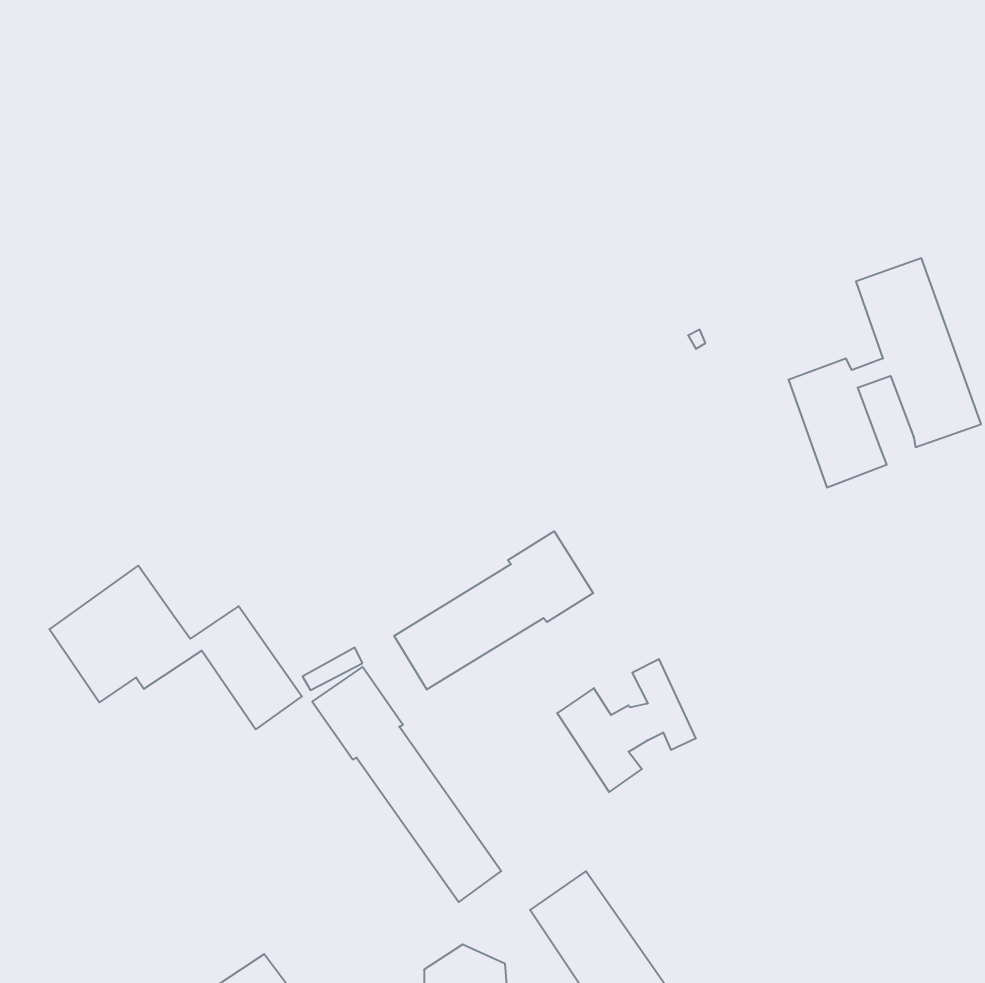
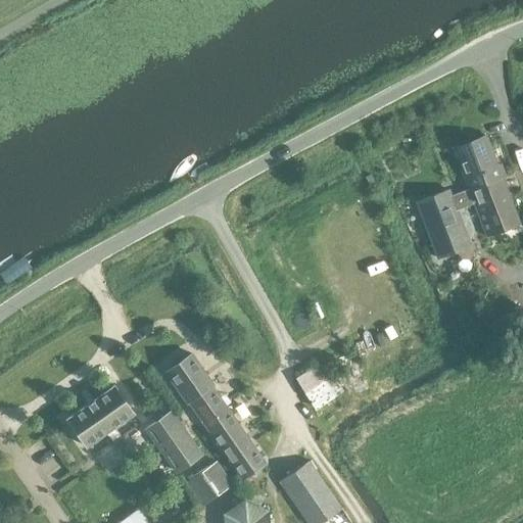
building: [394,531,593,690] -> none
building: [49,566,302,729] -> [67,386,201,473]
building: none -> [187,463,232,506]

